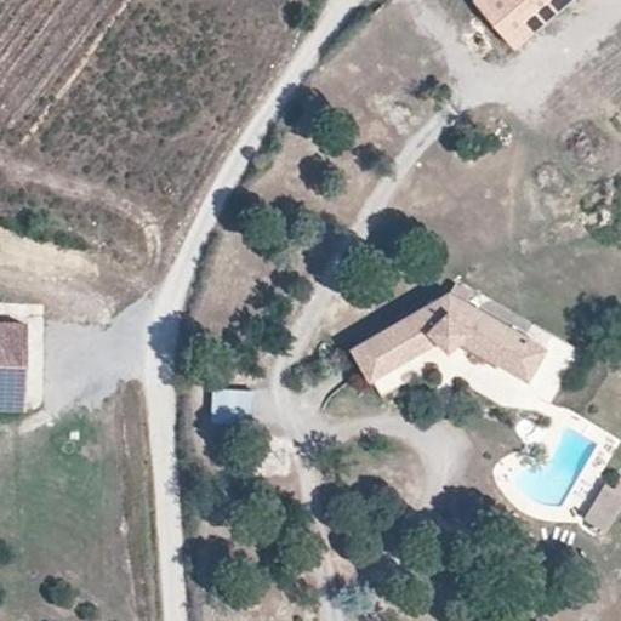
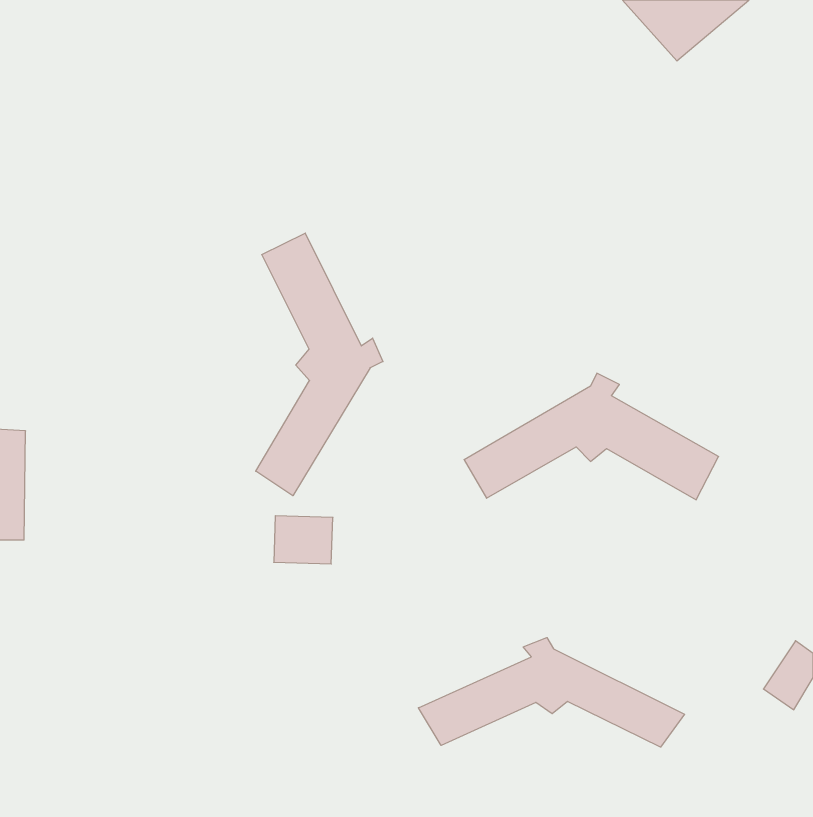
building: none -> [256,233,383,496]
building: none -> [418,638,685,747]

